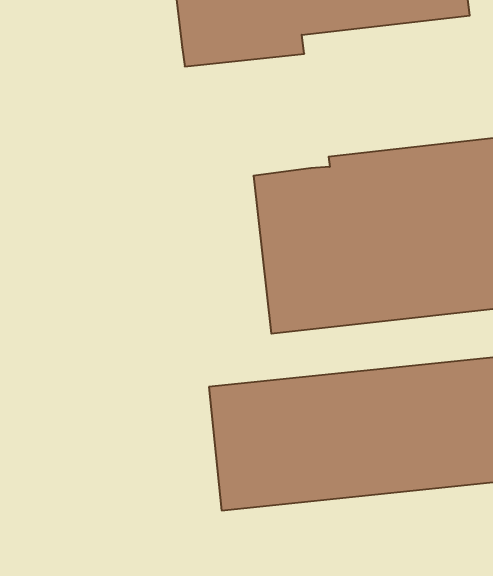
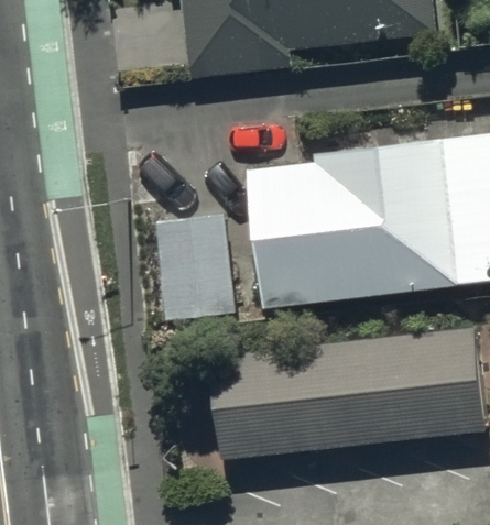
building: none -> [152,215,237,326]

